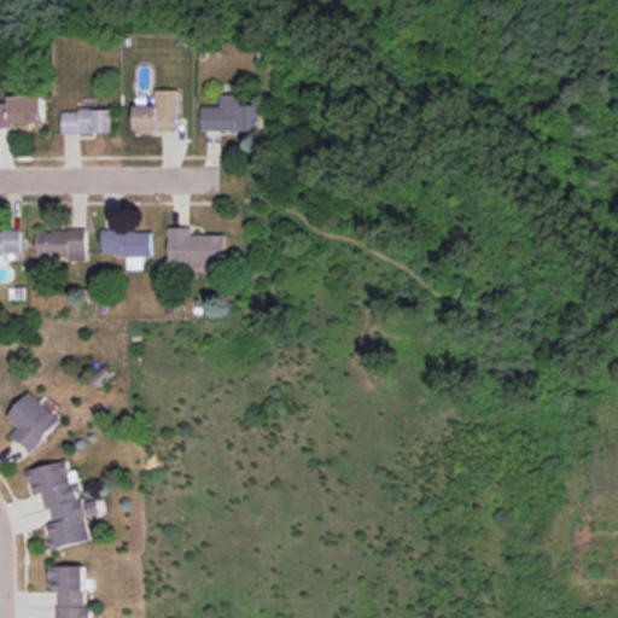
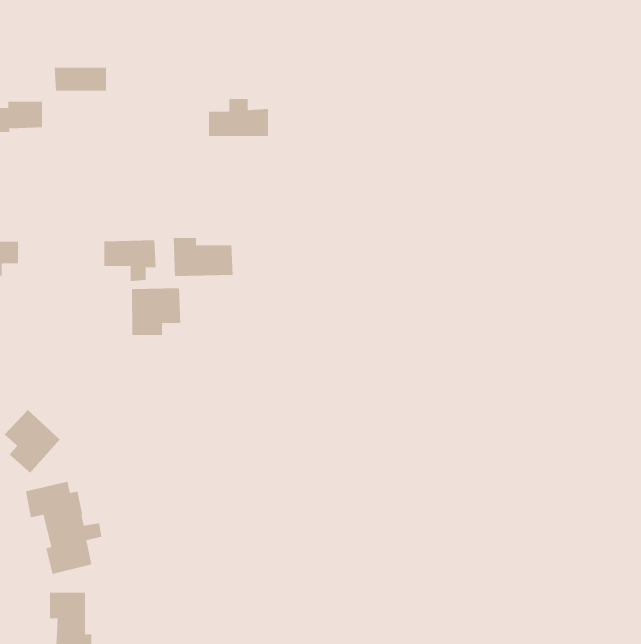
building: [133,91,176,132] -> none
building: [59,111,110,134] -> [54,67,107,91]
building: [34,231,83,260] -> none
building: none -> [132,287,181,336]

